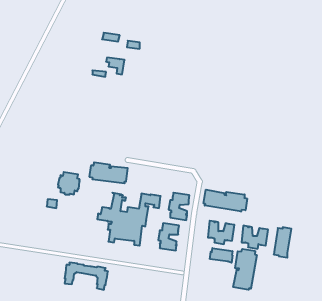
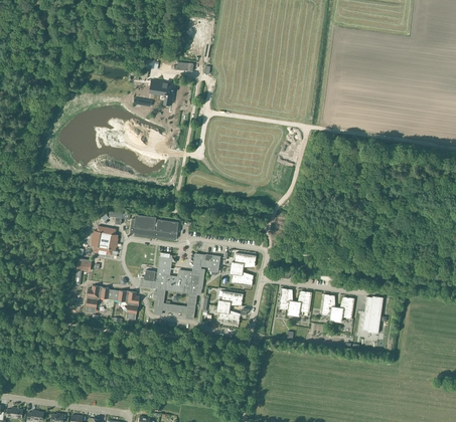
building: [204,190,247,212] -> none
building: [210,248,232,263] -> none
building: [233,249,257,290] -> none
building: [65,263,108,290] -> [85,285,139,320]

